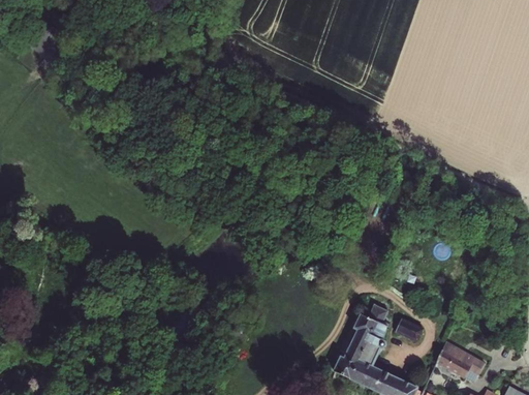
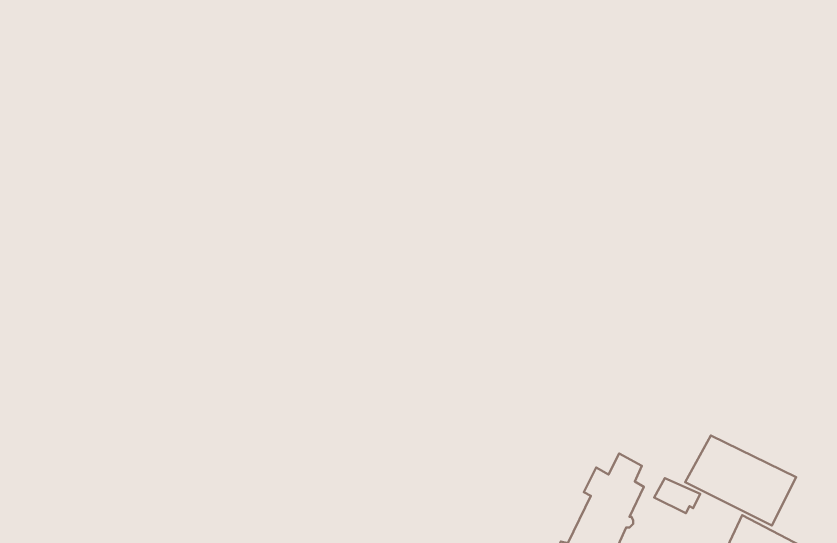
building: none -> [685,436,796,526]

